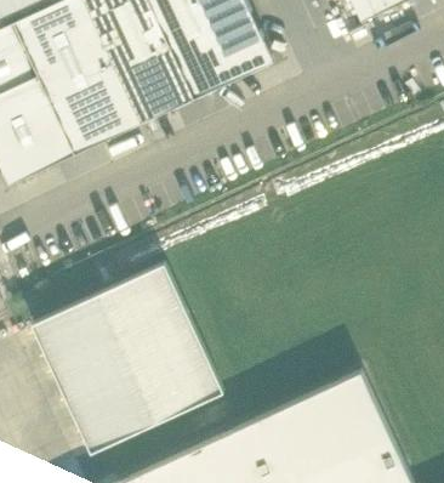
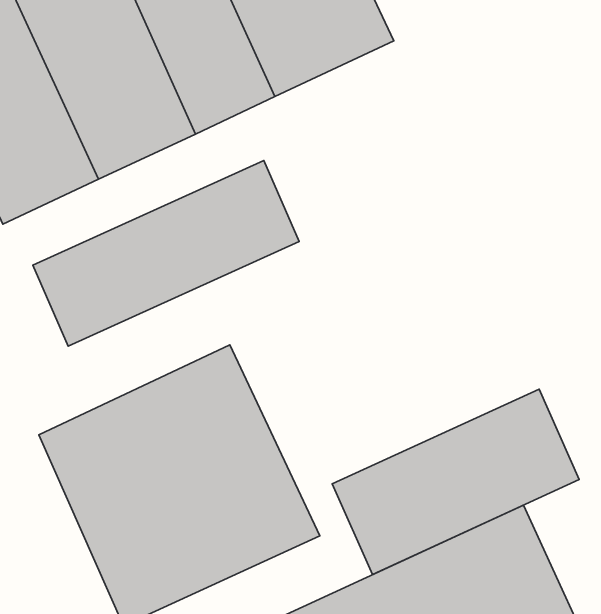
building: none -> [33,161,299,346]
building: none -> [332,389,579,574]

